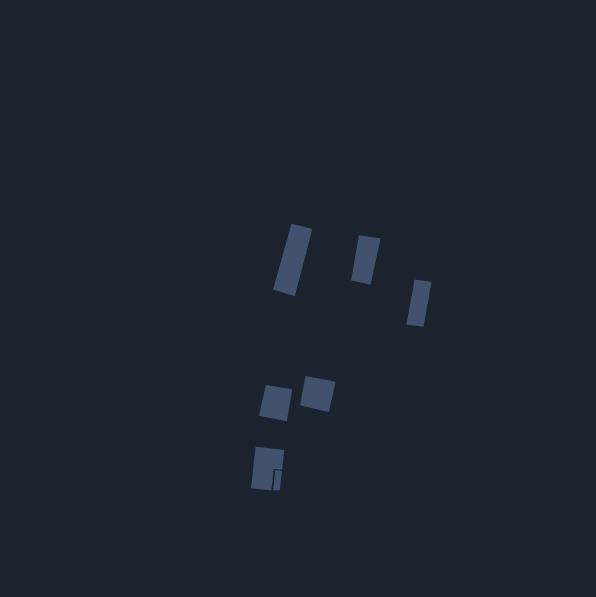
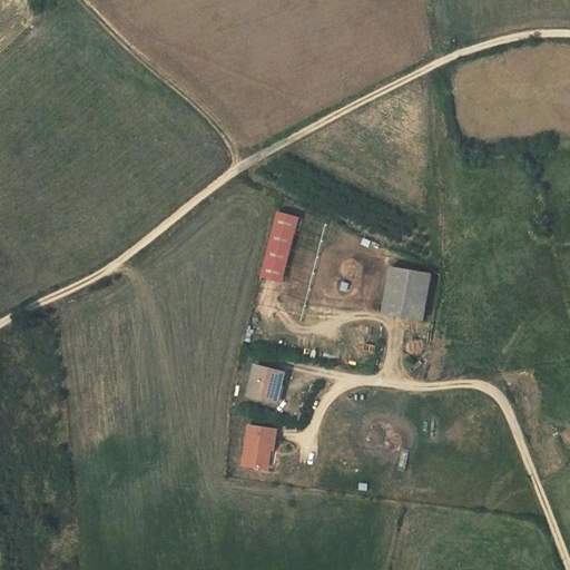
building: [350,235,382,285] -> [404,268,434,316]
building: [300,375,336,413] -> none

